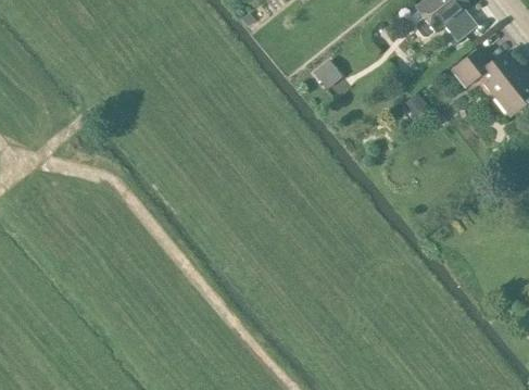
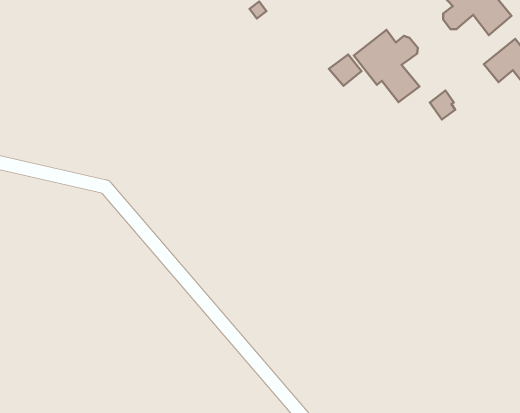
building: none -> [354,30,419,102]

